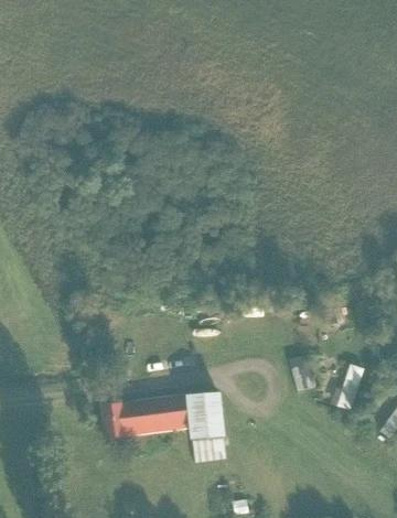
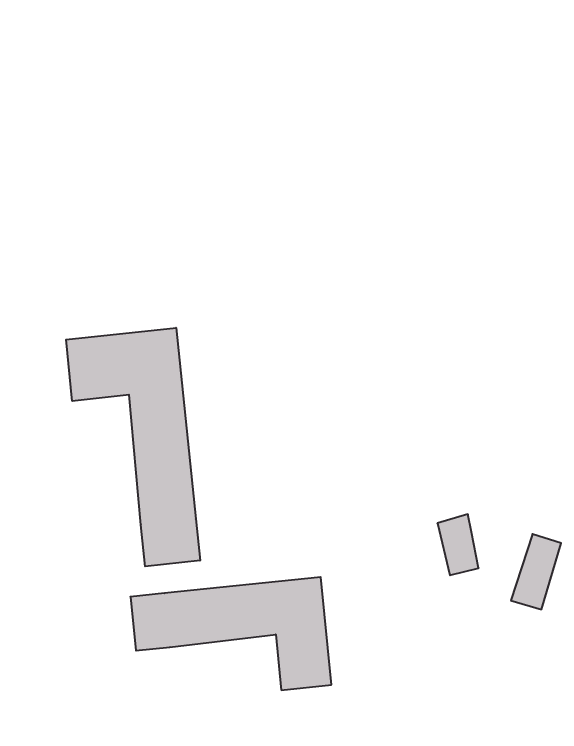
building: none -> [66,328,200,566]

